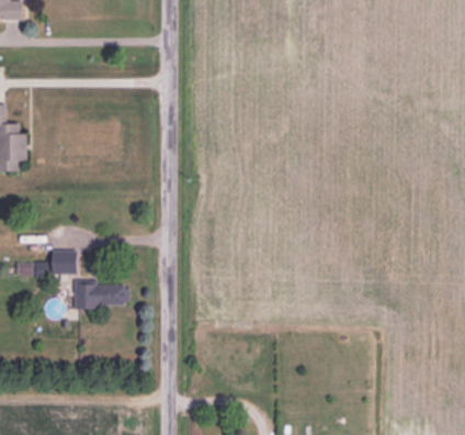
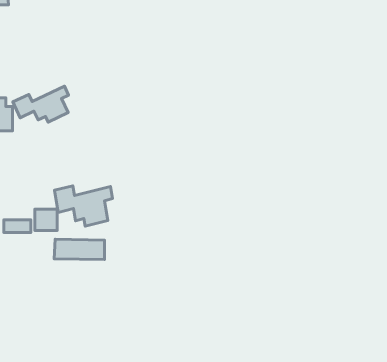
building: none -> [13,86,69,122]
building: none -> [55,186,113,226]

